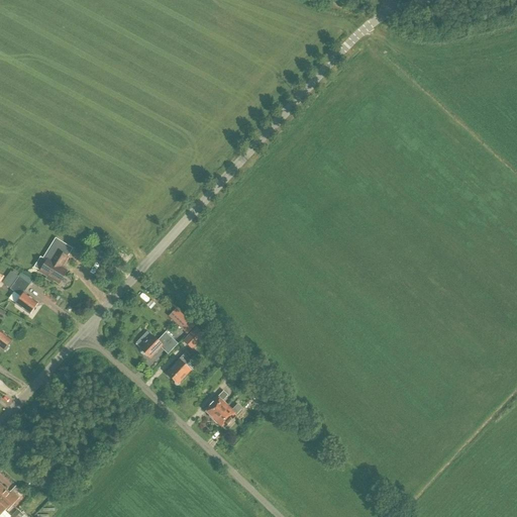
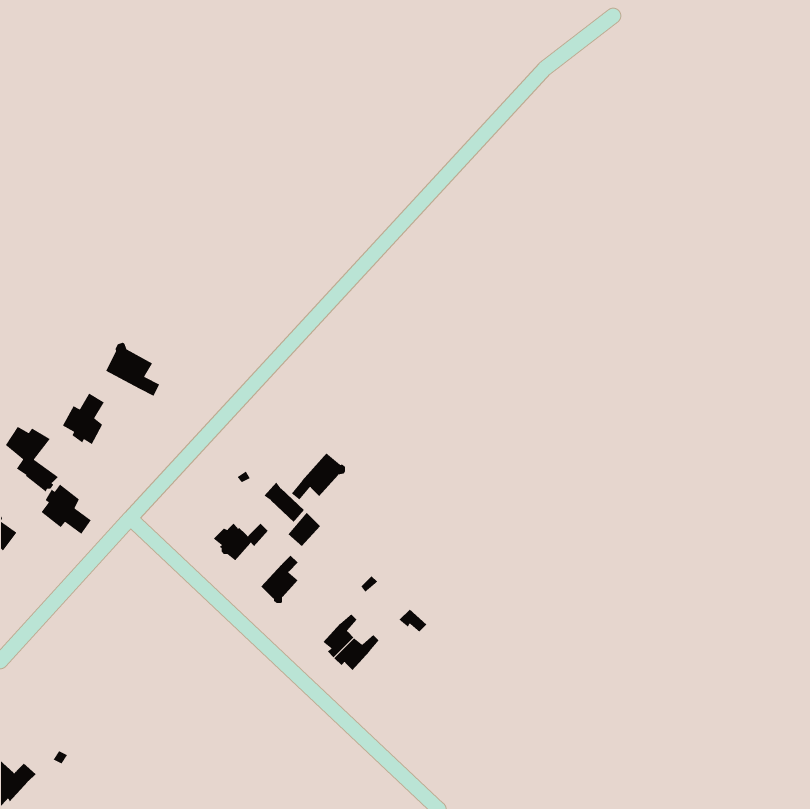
building: none -> [105,342,160,397]
building: none -> [291,453,346,501]
building: none -> [41,483,92,535]

